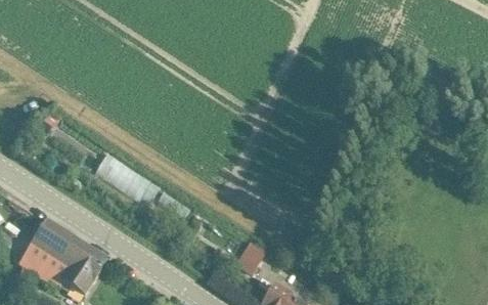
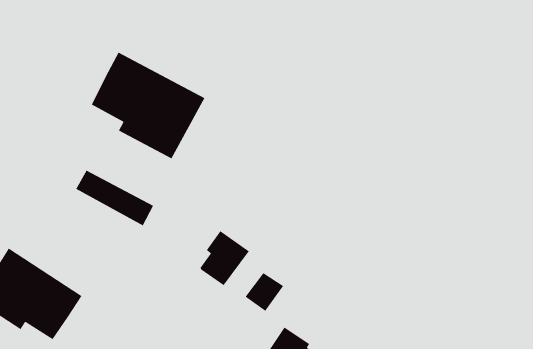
building: none -> [91,52,206,159]
building: none -> [200,230,250,286]

